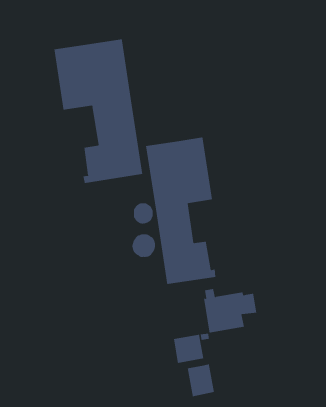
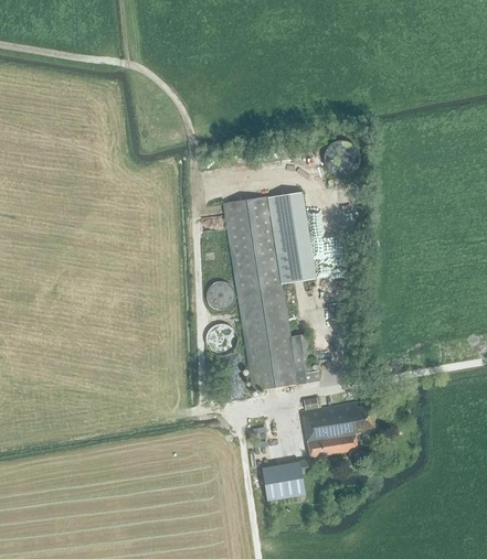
building: [54,38,143,184] -> none
building: [187,363,214,397] -> none

